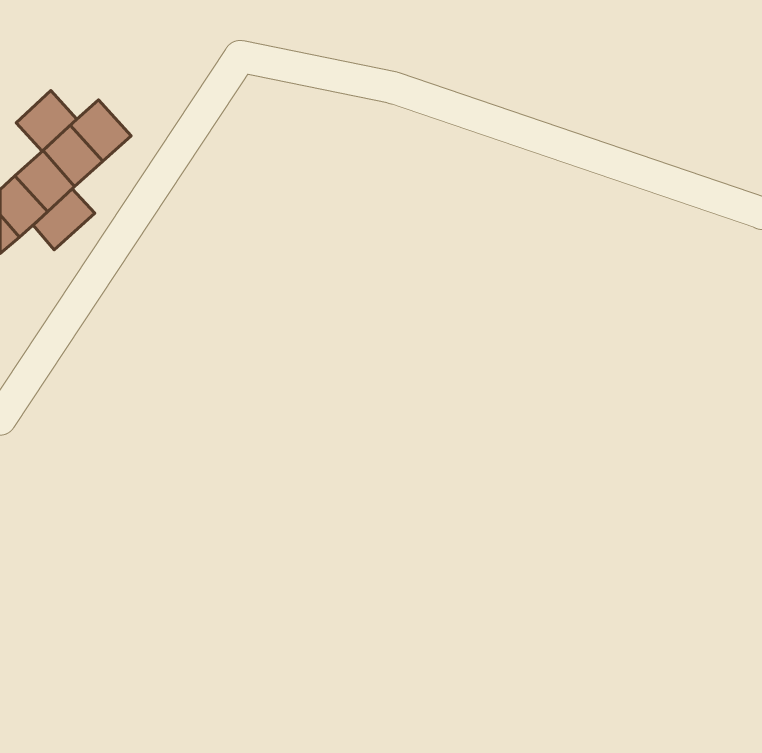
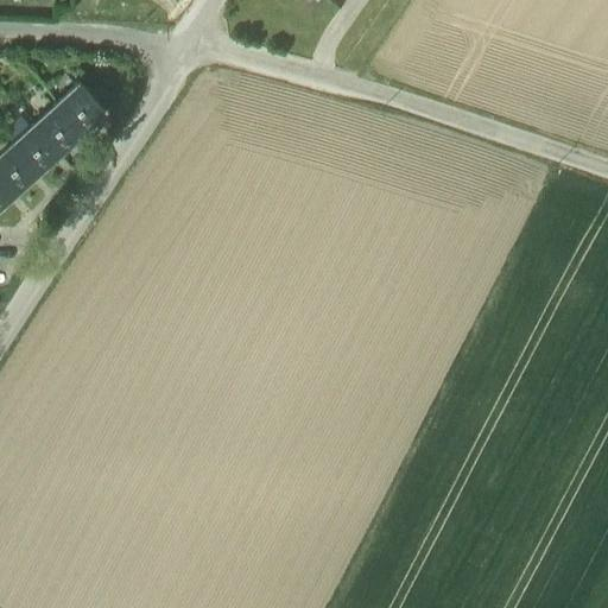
building: [16,91,77,151] -> none
building: [33,189,95,250] -> none

